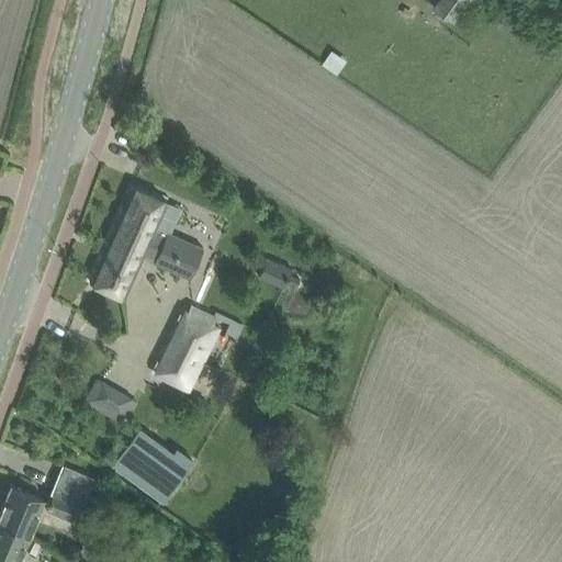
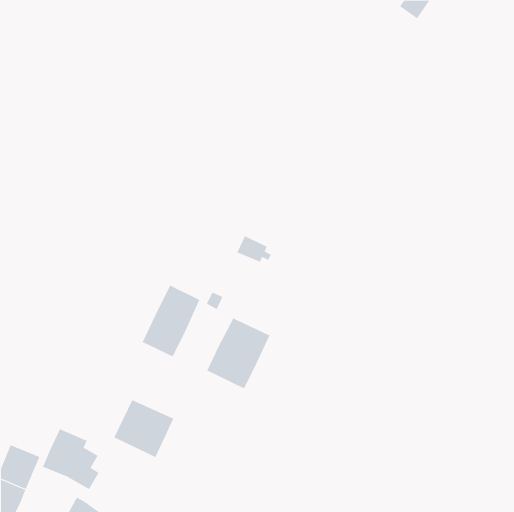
building: [89,188,204,300] -> none
building: none -> [207,318,270,389]
building: [86,378,135,424] -> none

